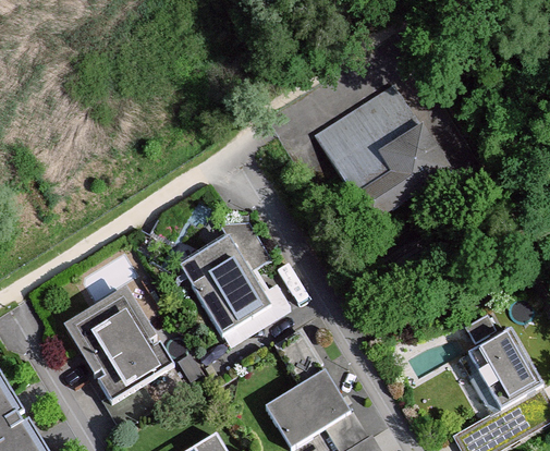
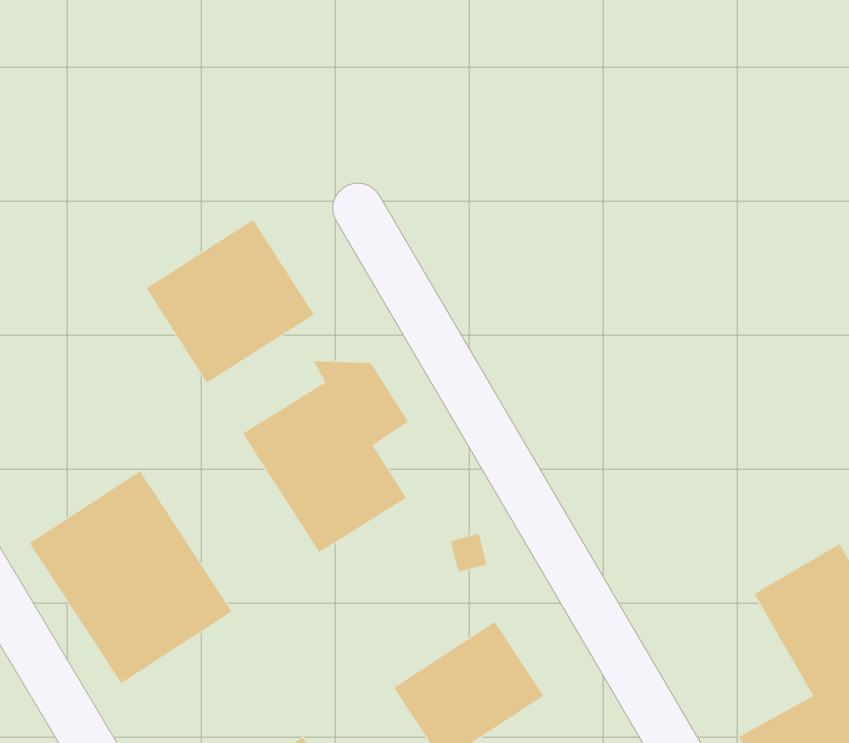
building: [318,82,454,221] -> none
building: none -> [146,219,314,384]

